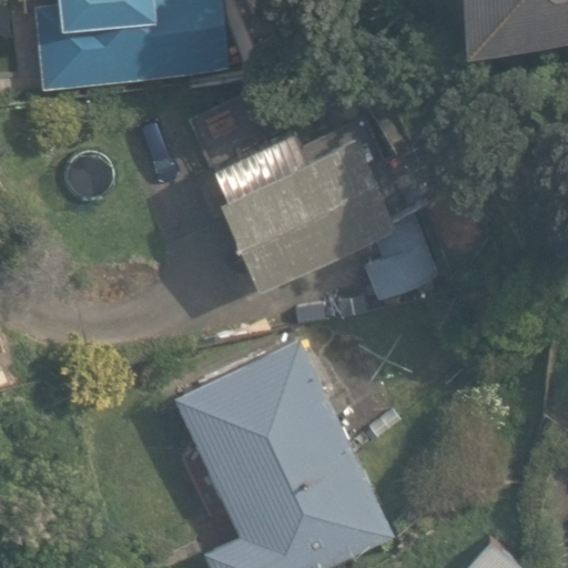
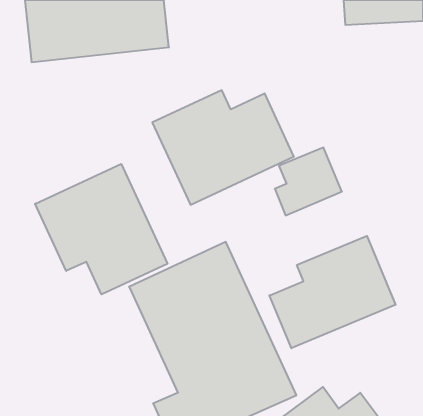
building: none -> [35,164,167,294]
building: none -> [269,236,395,348]

